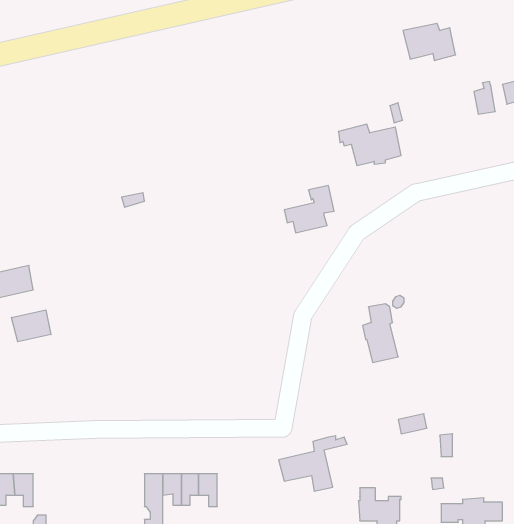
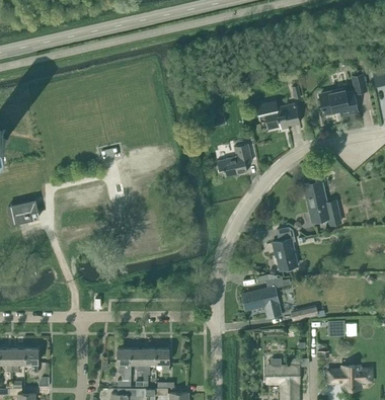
building: [403,23,456,61] -> [319,89,357,115]
building: none -> [304,169,342,226]
building: [11,310,51,342] -> none
building: [279,436,347,491] -> [242,277,291,317]

